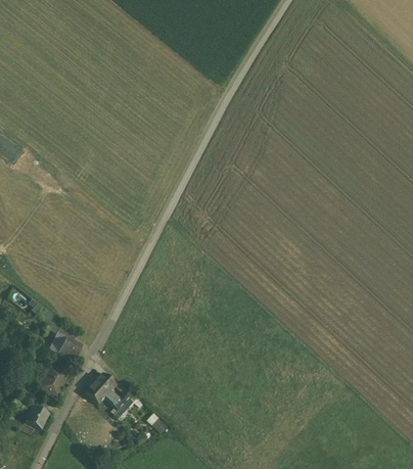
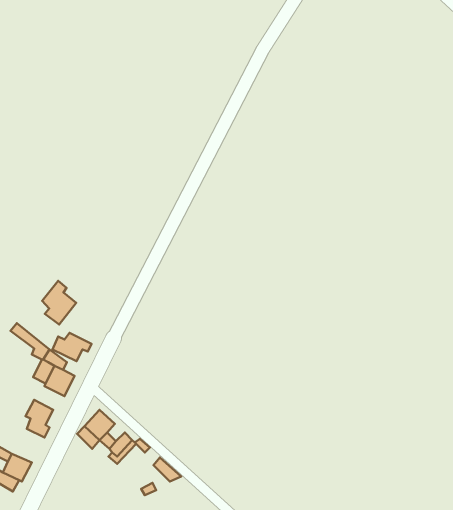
building: none -> [42,281,76,325]
building: none -> [52,333,92,361]

